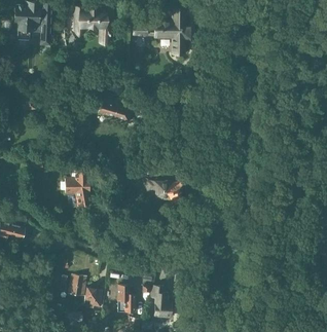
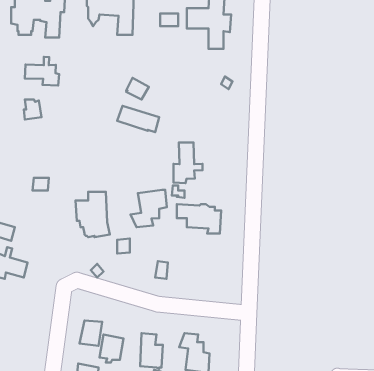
building: none -> [25,57,59,86]
building: none -> [174,143,203,183]
building: none -> [130,190,167,227]

